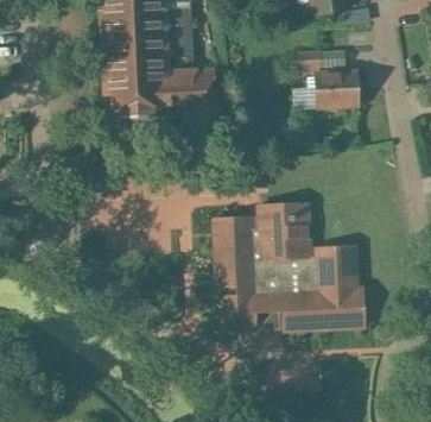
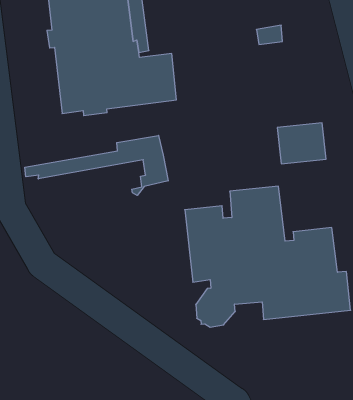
building: [316,71,360,107] -> [277,123,326,164]
building: none -> [25,135,168,195]

